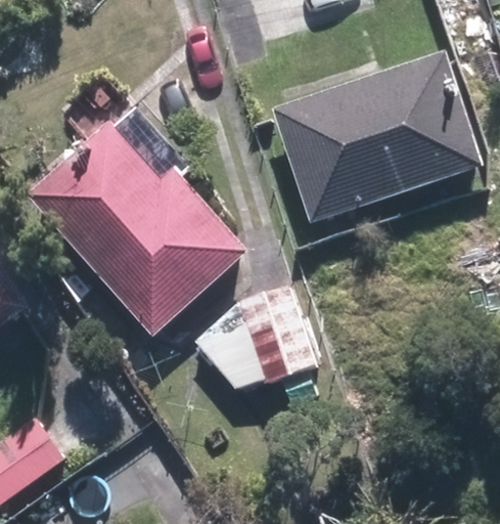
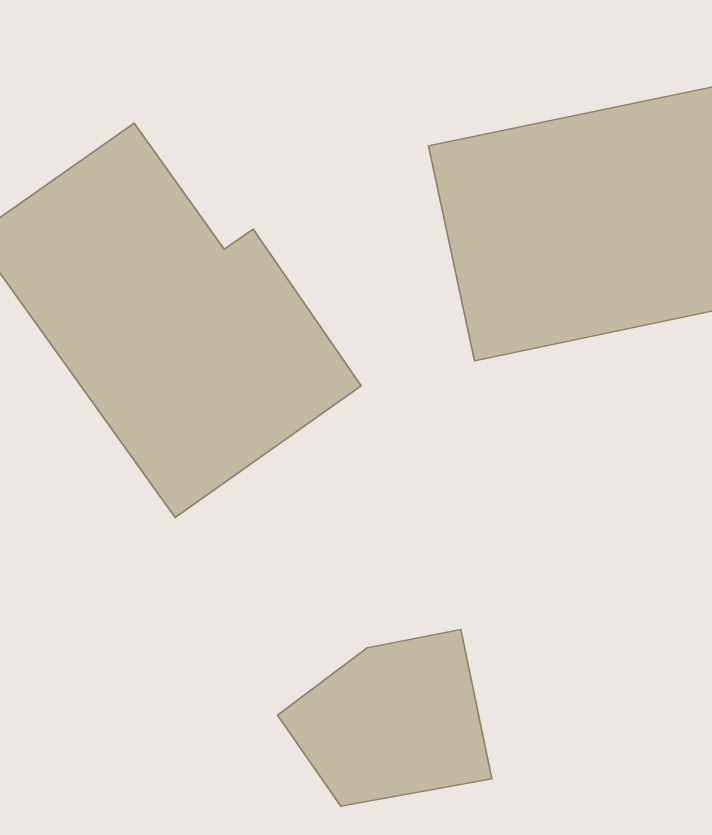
building: [190,288,313,394] -> [278,630,492,806]

